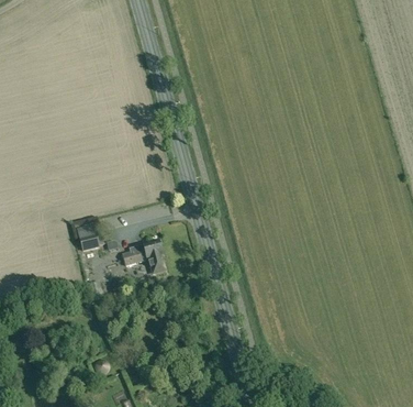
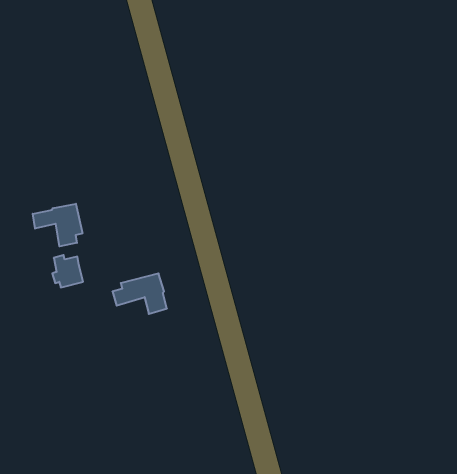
building: none -> [33,204,82,246]

